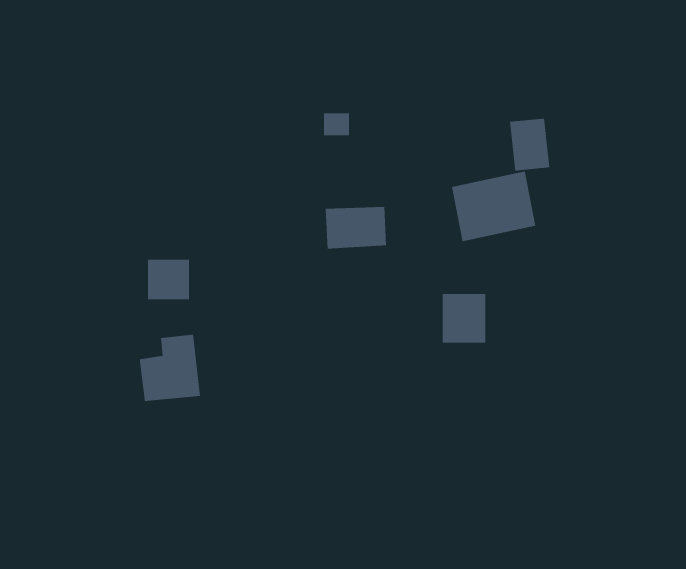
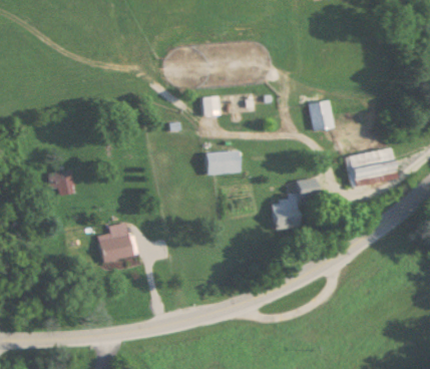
building: [451,171,536,242] -> [345,147,393,188]
building: [147,259,190,300] -> [53,170,77,194]

